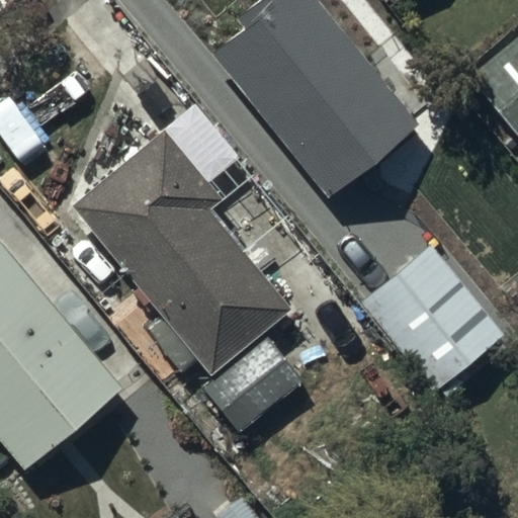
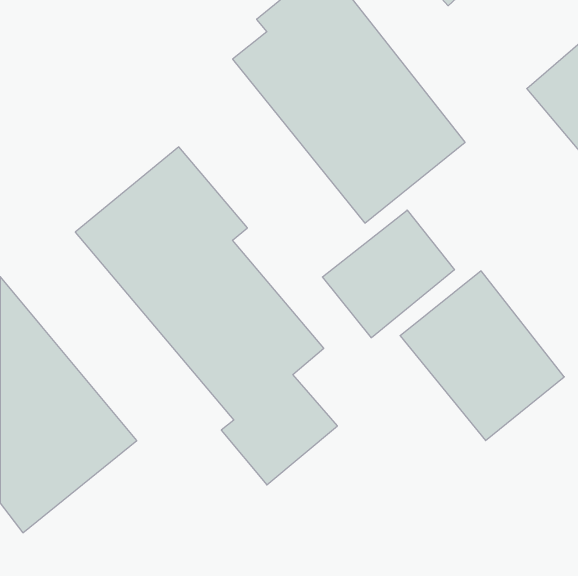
building: none -> [322,210,454,338]

